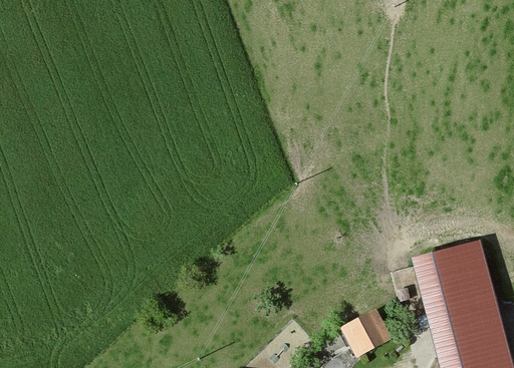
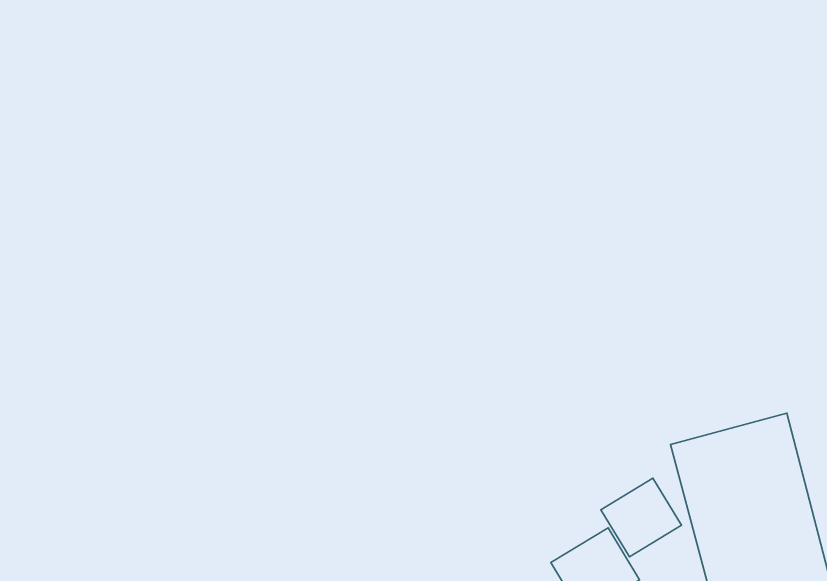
building: none -> [601,478,681,557]

